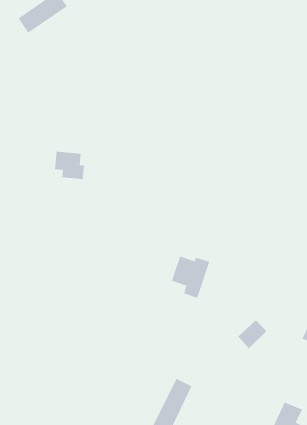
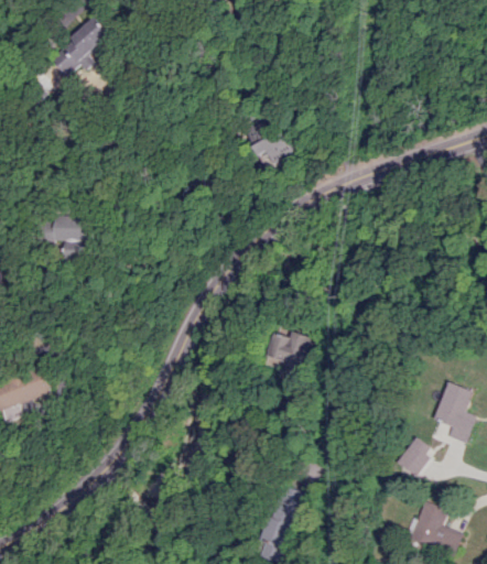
building: none -> [249,130,292,165]
building: [54,151,85,179] -> [48,218,86,250]
building: [237,320,267,349] -> [397,437,433,475]

